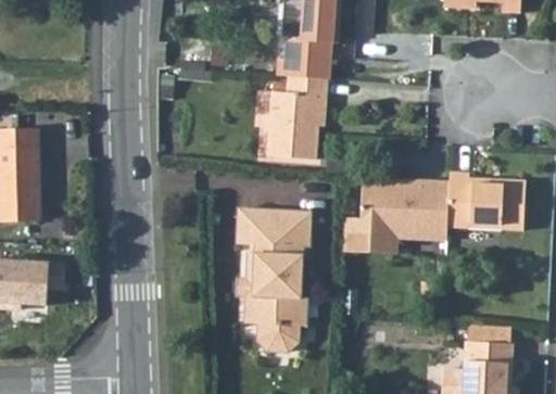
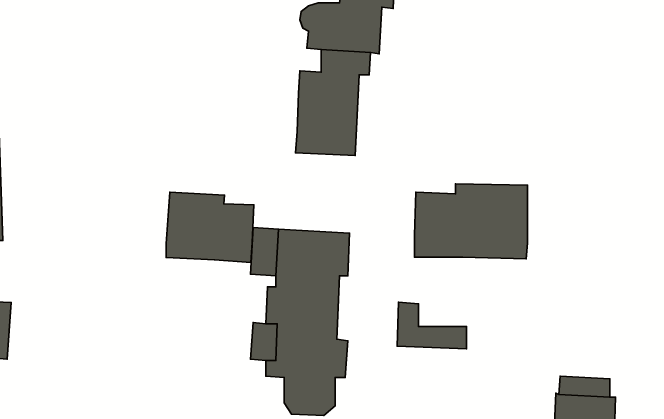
building: [444,167,520,225] -> none
building: none -> [166,192,254,263]
building: [341,215,394,251] -> [397,302,467,349]

